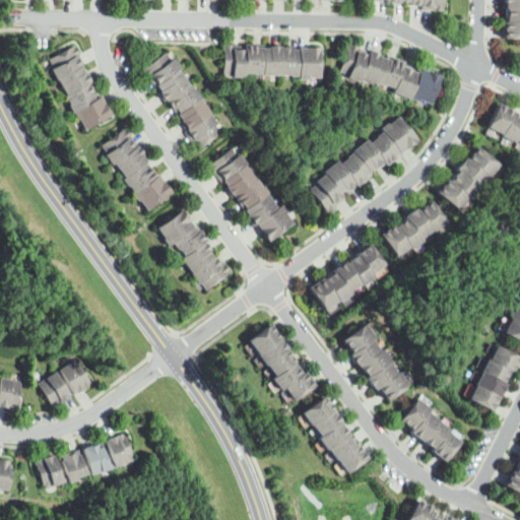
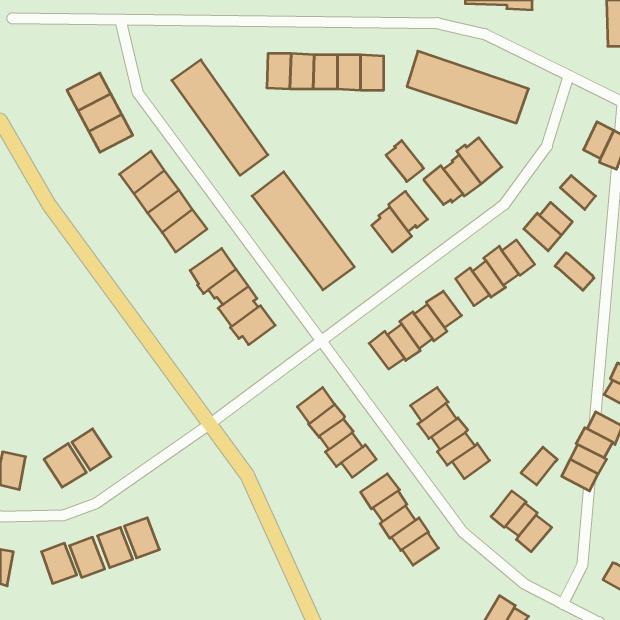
building: [49,46,85,77] -> none
building: [342,152,374,187] -> [386,140,424,182]
building: [458,157,491,189] -> [555,253,594,290]
building: [400,399,431,431] -> [521,447,557,485]

